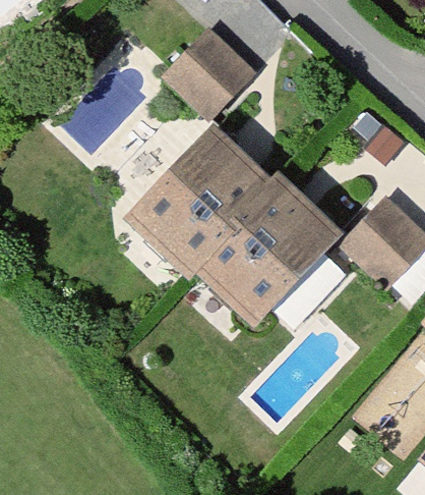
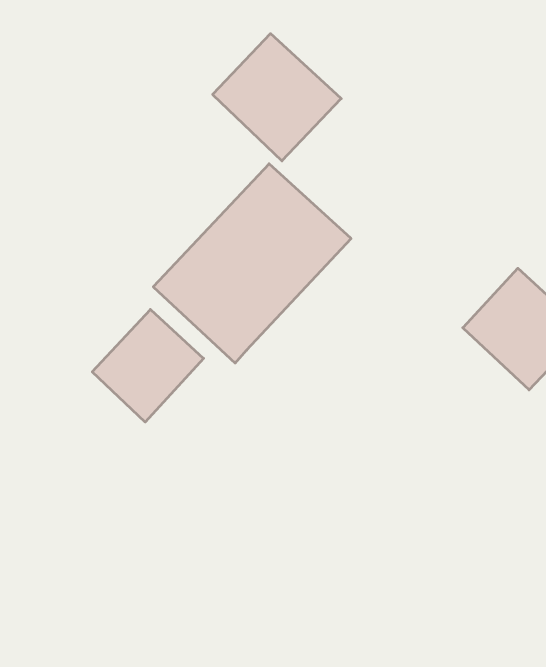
building: [191,174,341,325] -> none
building: none -> [92,309,204,422]

